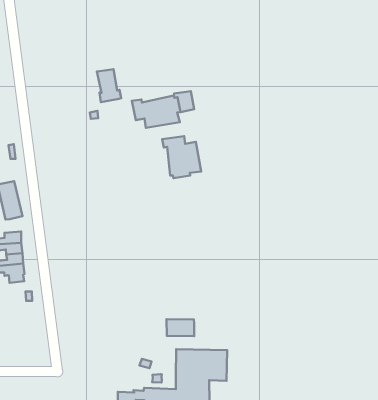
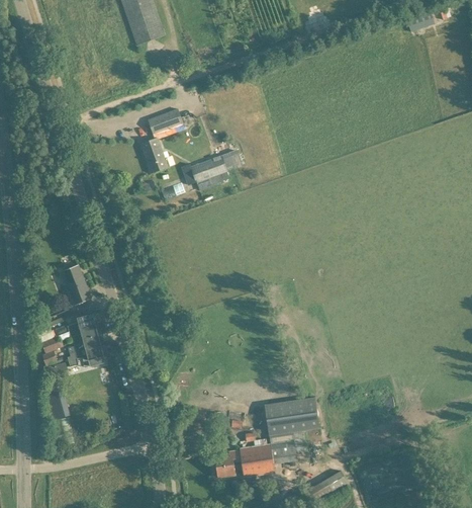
building: none -> [148,109,182,135]
building: [162,136,201,178] -> none
building: [166,319,194,336] -> none

